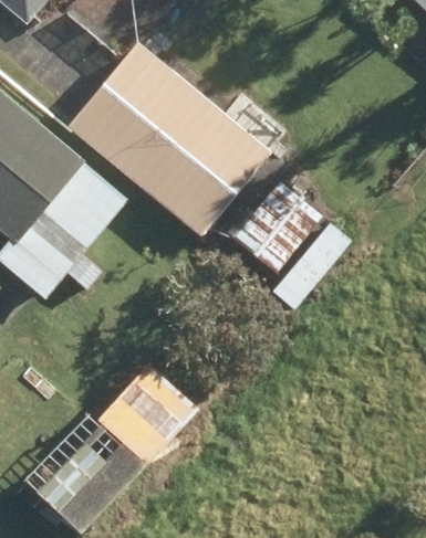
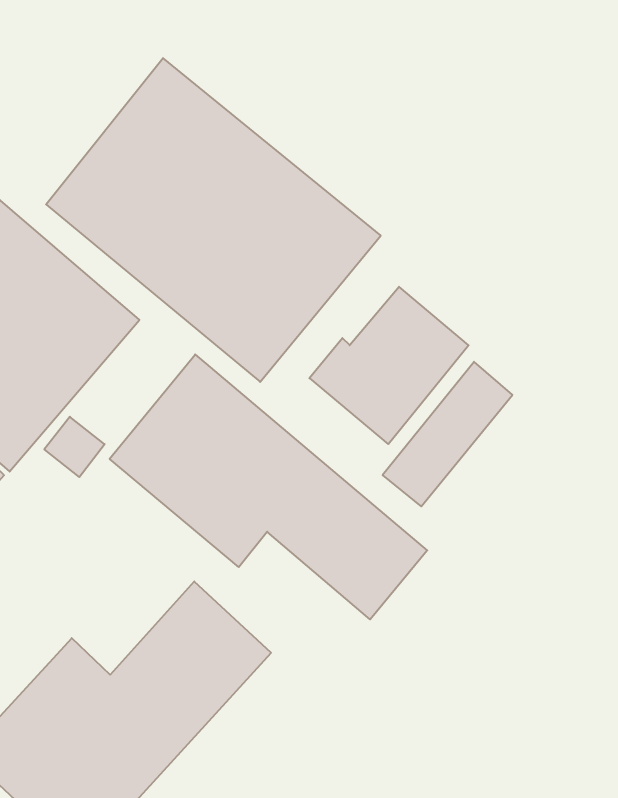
building: none -> [110,354,427,619]

